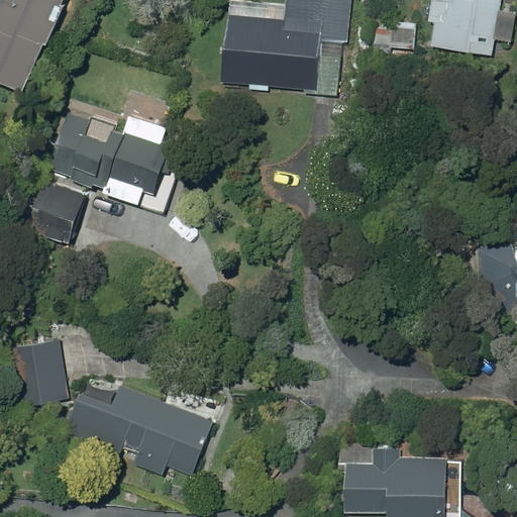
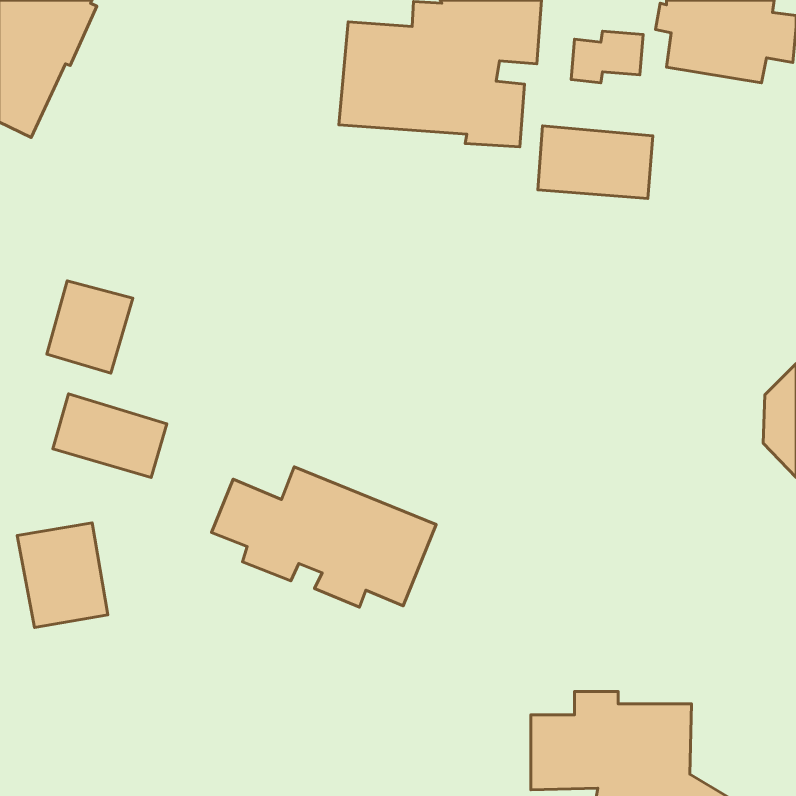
building: none -> [538,126,653,198]
building: [45,113,173,203] -> none
building: none -> [53,394,167,478]
building: [66,384,211,475] -> [211,467,436,607]

